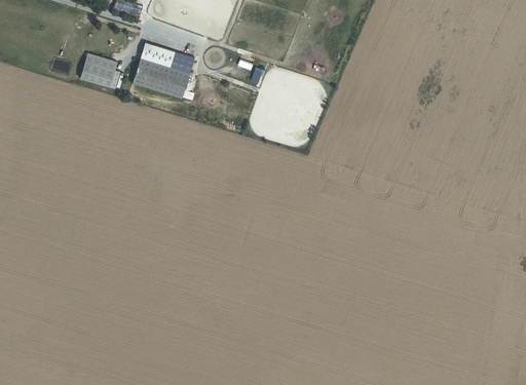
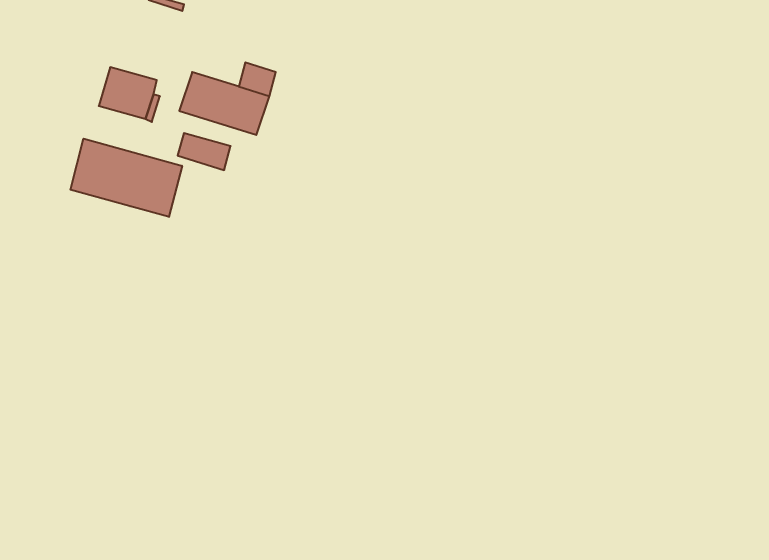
building: [141,43,175,67] -> [178,133,231,170]
building: none -> [70,139,182,217]

